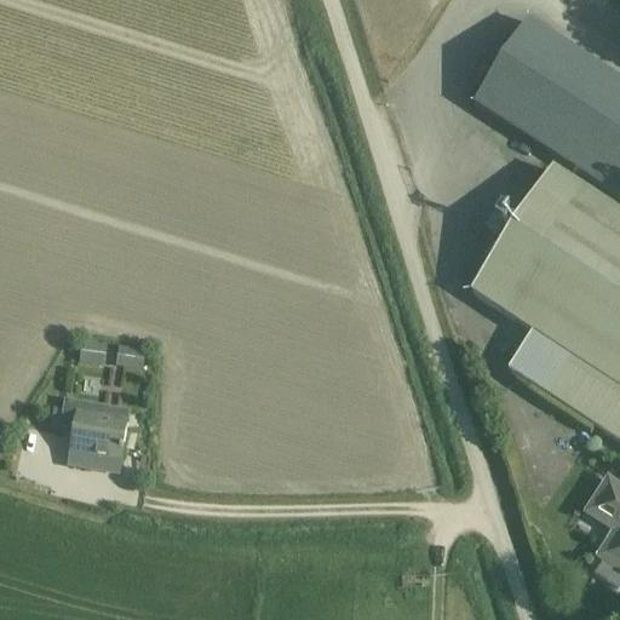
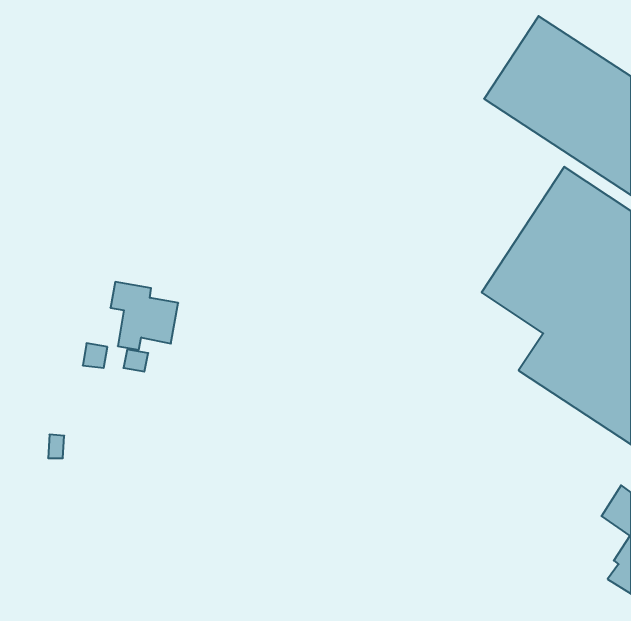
building: [62,395,128,461] -> [110,282,178,350]

